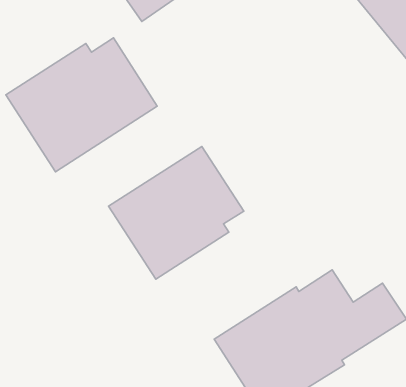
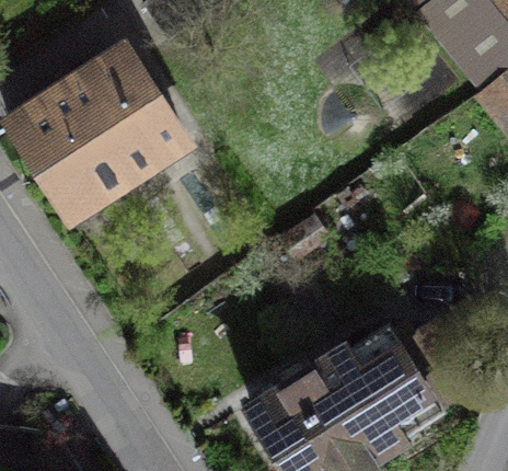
building: [109,146,244,279] -> none

